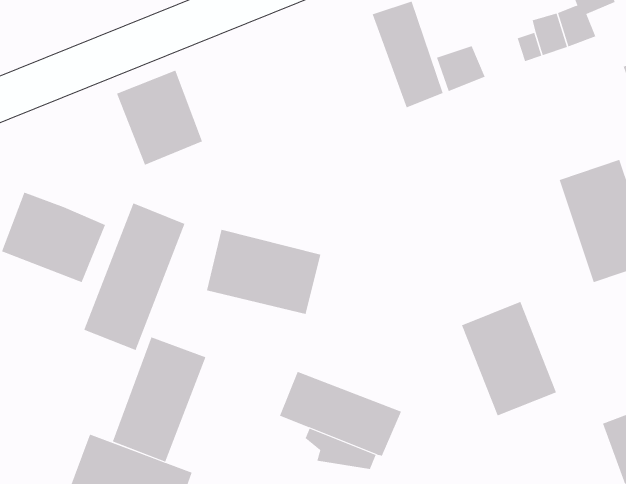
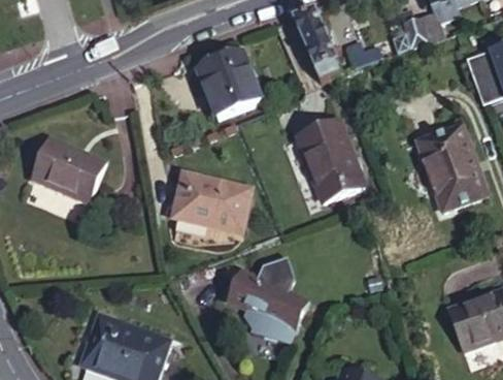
building: [116,70,203,165] -> [197,58,257,124]
building: [84,203,185,351] -> none
building: [461,301,557,416] -> [296,121,362,200]
building: [112,336,206,462] -> none

